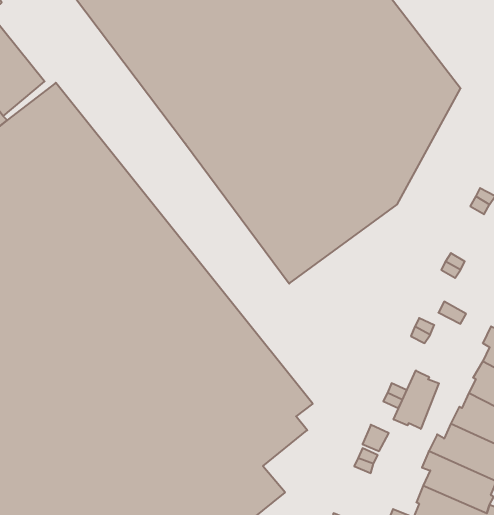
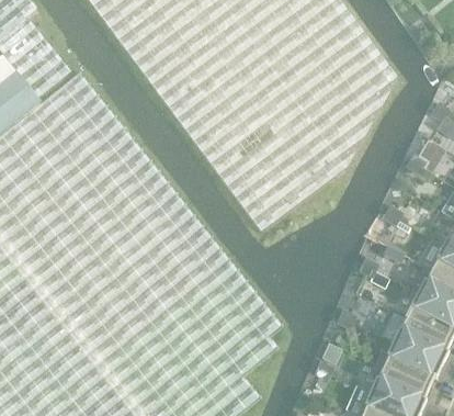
building: [394,370,439,429] -> none

